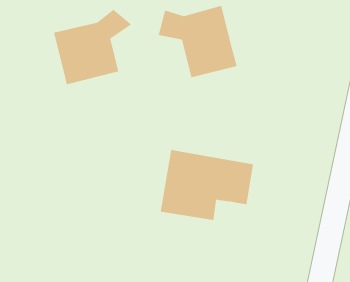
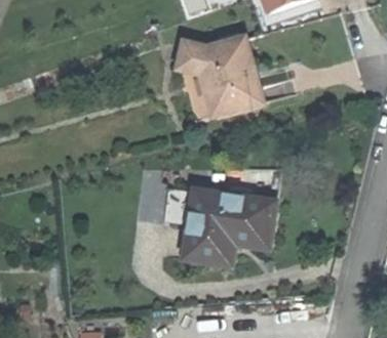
building: [53,9,132,85] -> none

